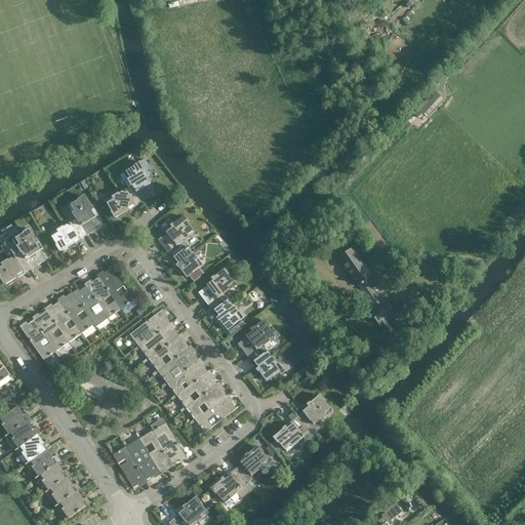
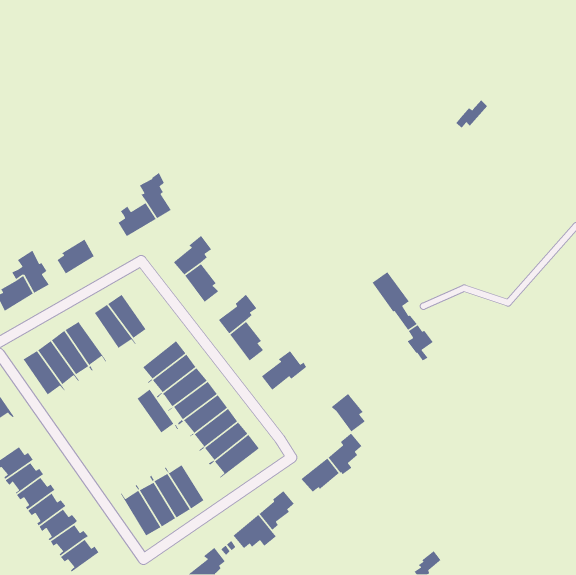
building: [71,194,100,233] -> none
building: [73,284,112,325] -> [136,388,179,434]
building: [247,342,279,378] -> [331,393,366,433]

